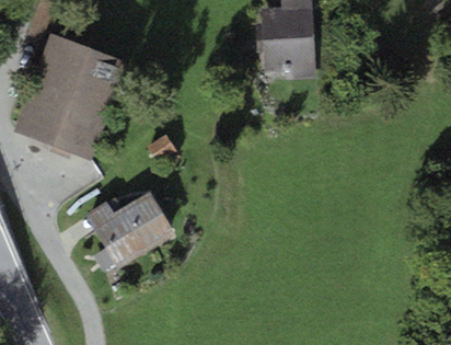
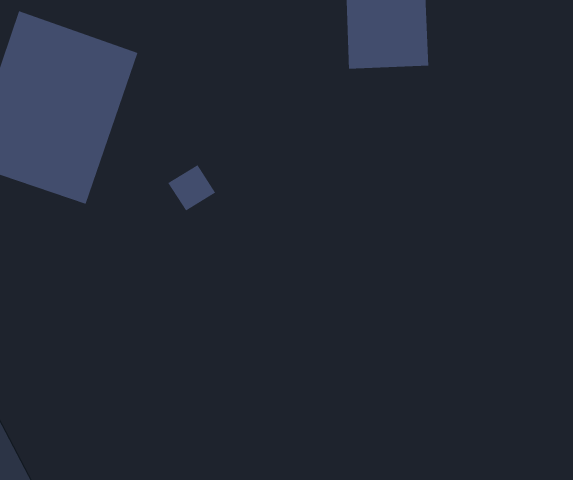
building: [85,193,172,267] -> none

